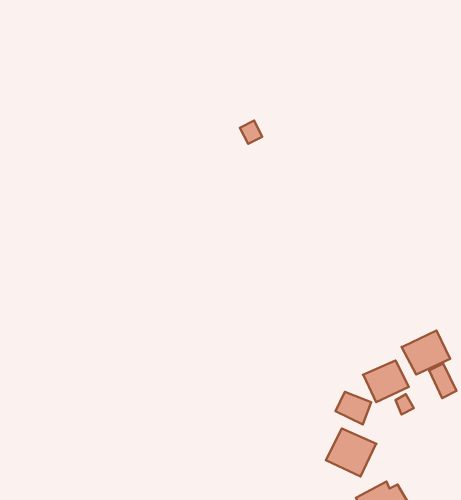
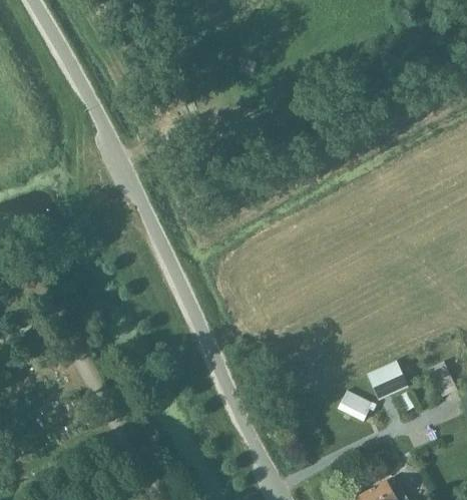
building: [402,331,450,375] -> none
building: [326,428,377,477] -> none

